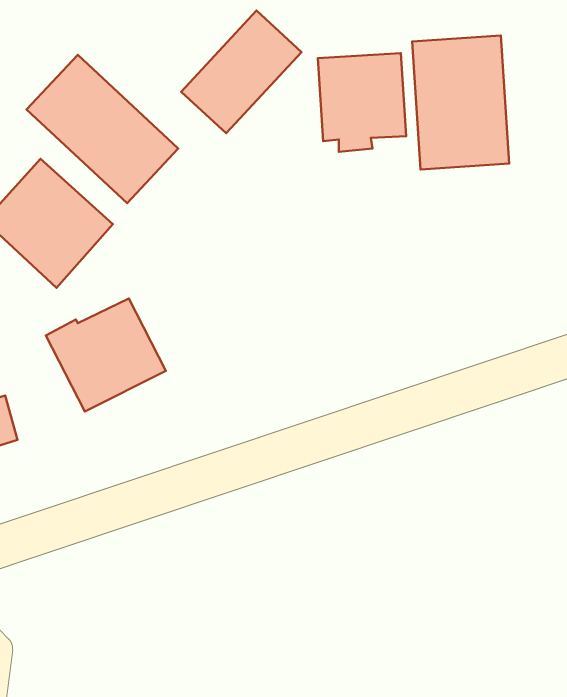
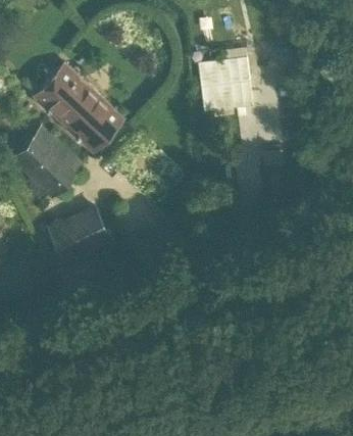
building: [181,11,301,133] -> none
building: [412,35,509,170] -> none

